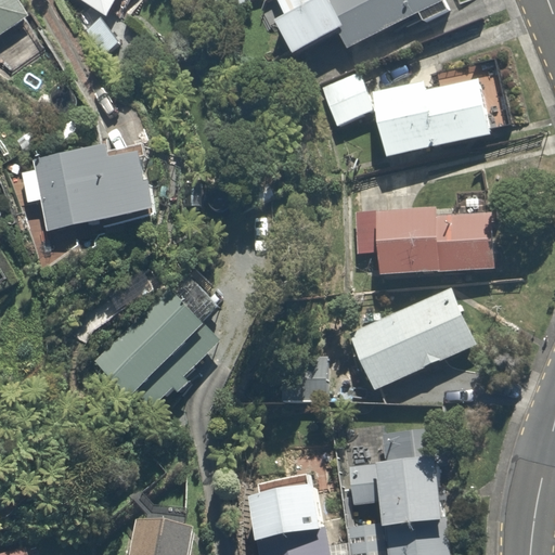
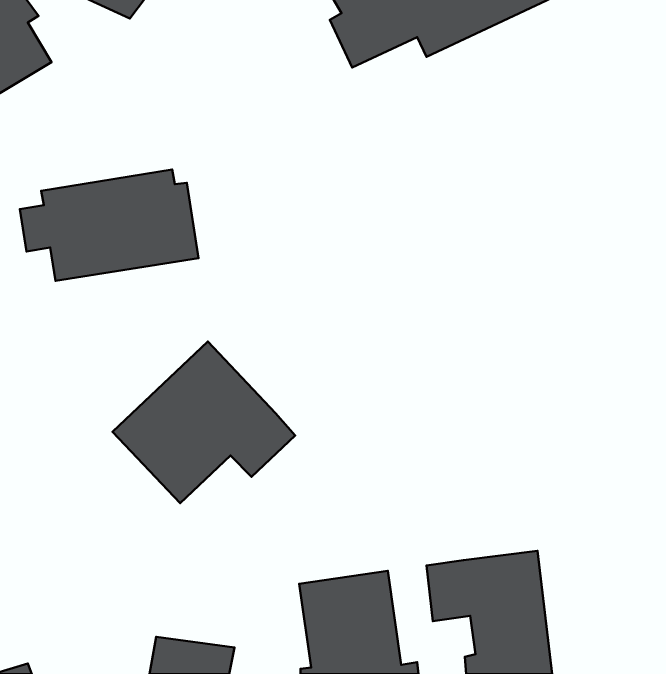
building: [319,72,491,156] -> none
building: [346,204,492,273] -> none
building: [343,285,478,395] -> none

